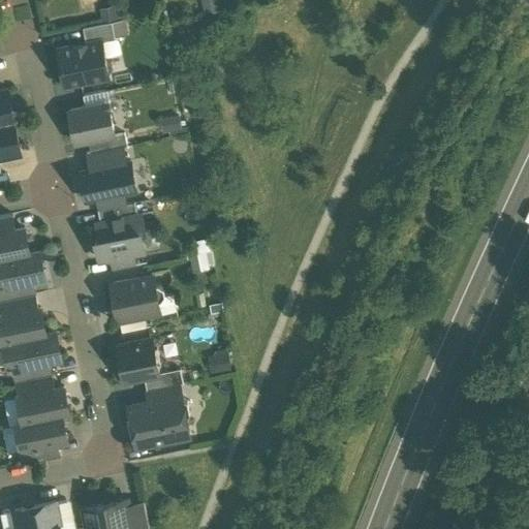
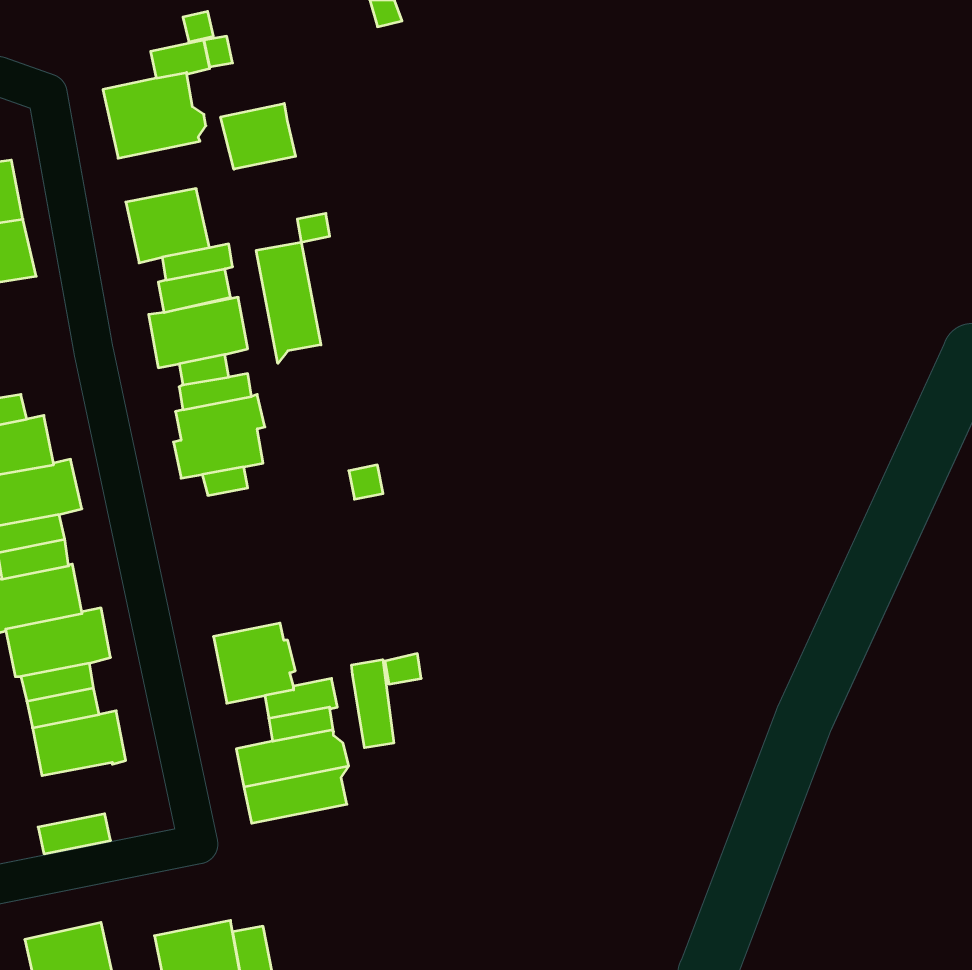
building: none -> [221,103,296,169]
building: none -> [256,242,321,363]
building: [111,277,163,321] -> none
building: none -> [352,660,394,748]
building: [15,415,66,450] -> none

